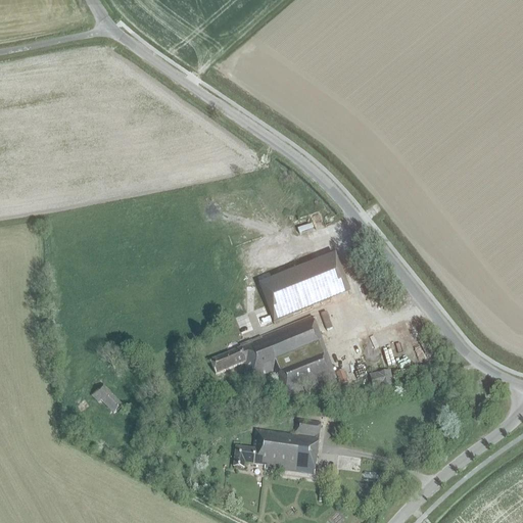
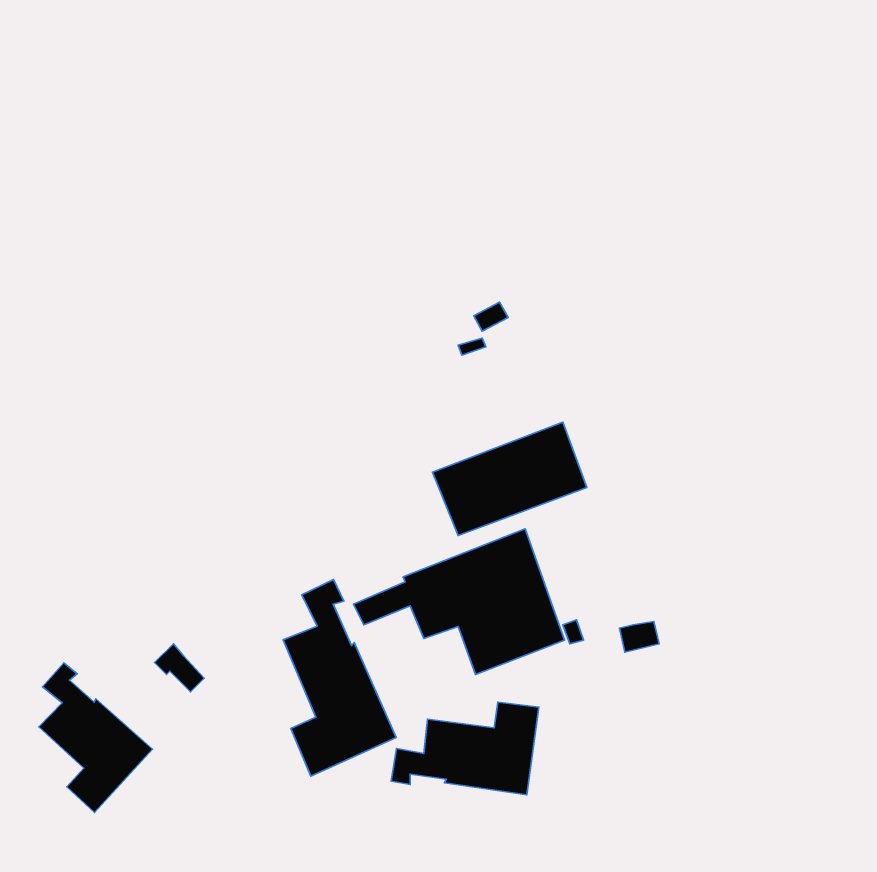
building: none -> [283,580,396,776]
building: none -> [39,663,152,813]

